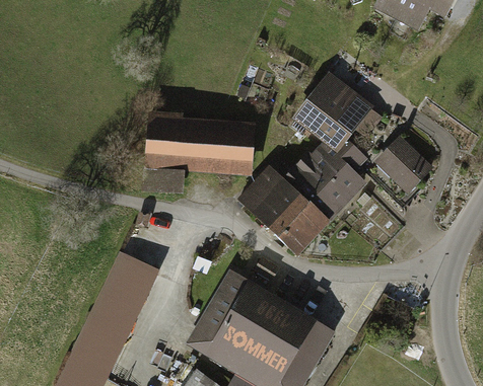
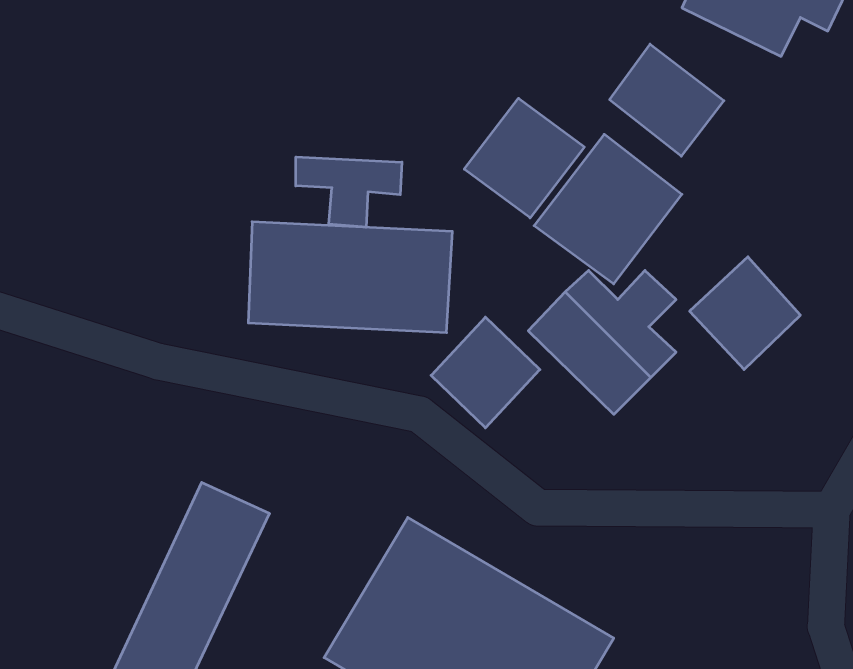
building: none -> [610,44,724,156]
building: none -> [464,98,584,218]
building: none -> [296,157,402,227]
building: [269,194,327,251] -> none

